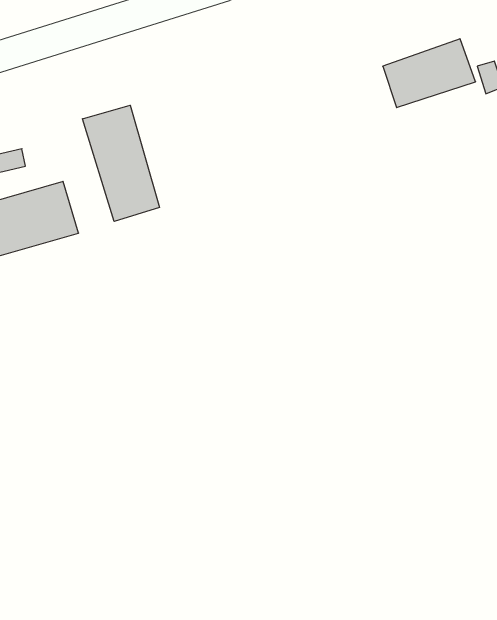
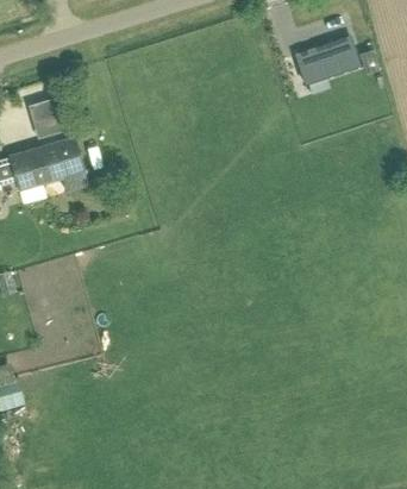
building: [82,105,159,221] -> none

